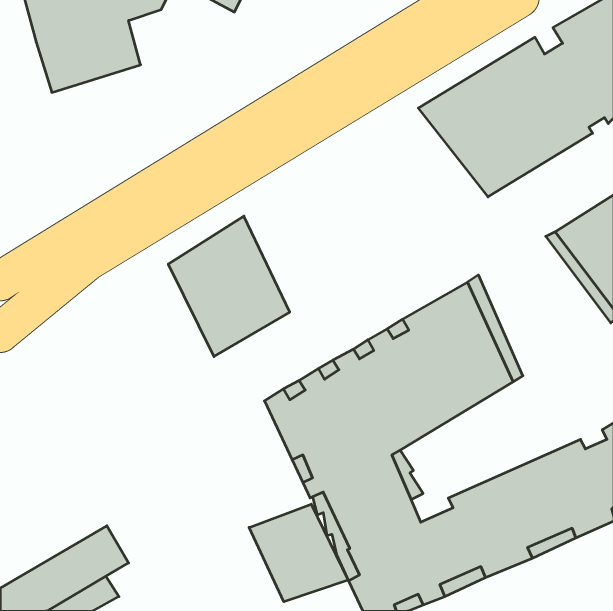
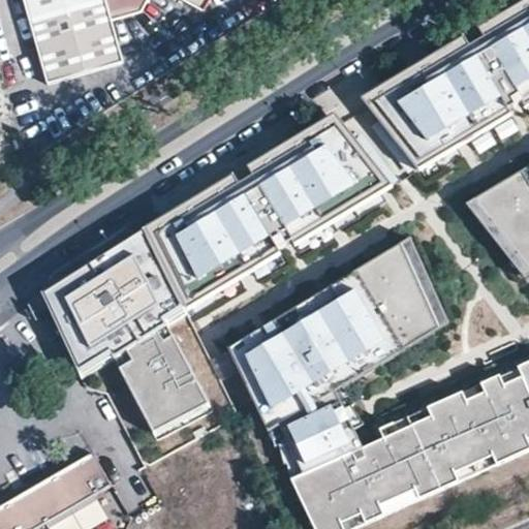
building: none -> [211,111,391,269]
building: none -> [40,227,205,434]
building: [249,504,348,602] -> none

